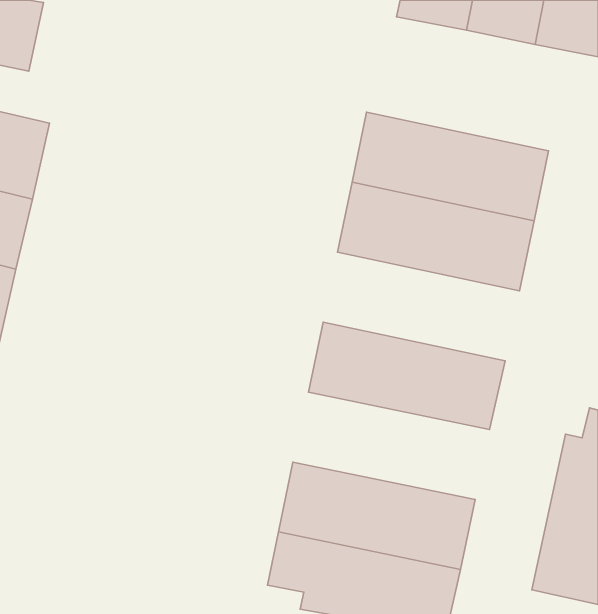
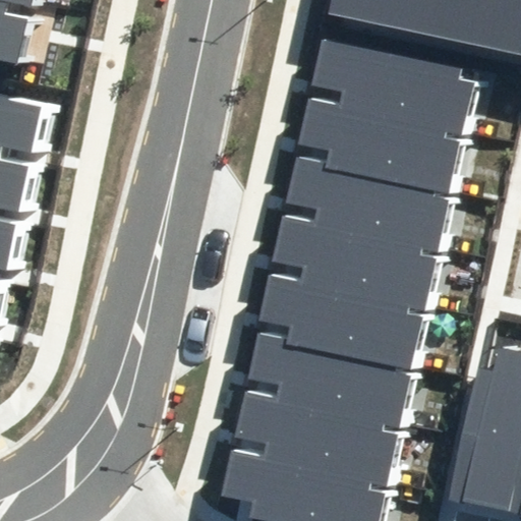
building: none -> [309,39,475,129]
building: none -> [273,215,439,306]
building: none -> [247,333,413,423]

